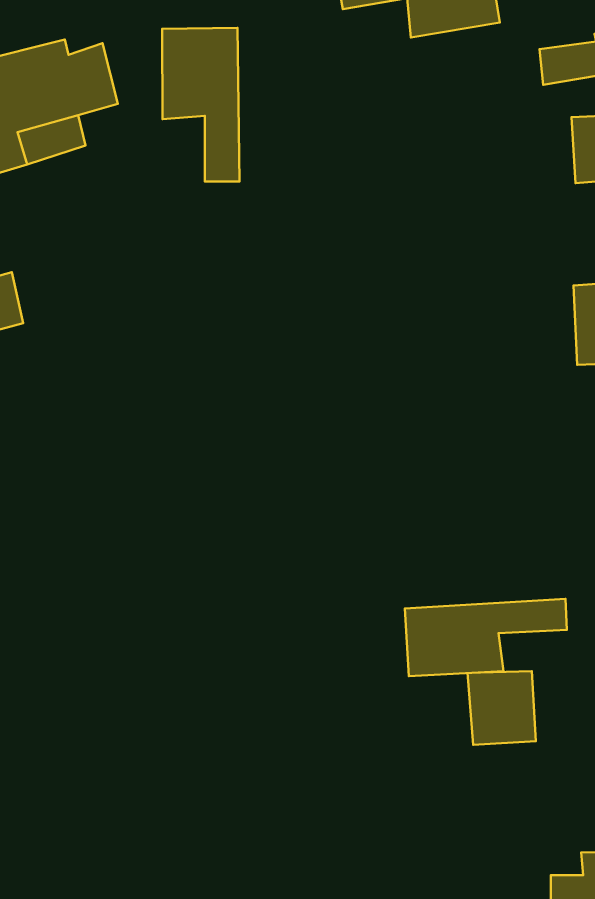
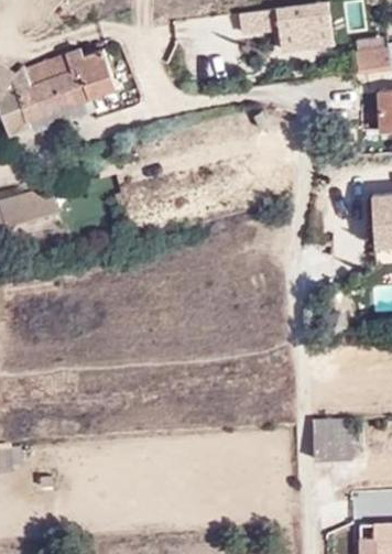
building: [162,28,239,181] -> none
building: [405,599,567,676] -> none

